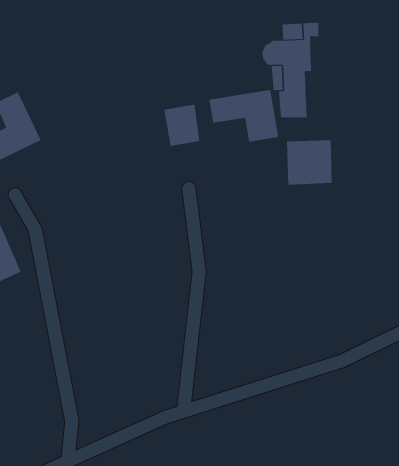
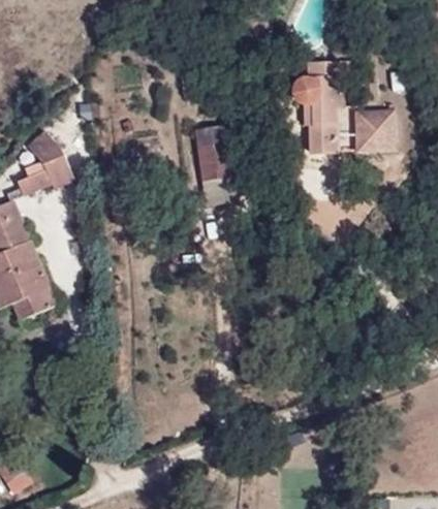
building: [209,89,279,143] -> none
building: [286,140,333,185] -> [351,108,397,153]

